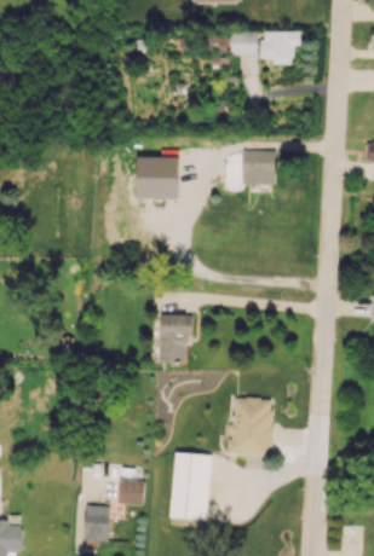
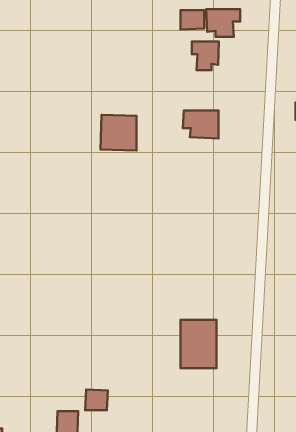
building: none -> [192,41,219,70]
building: [161,314,191,363] -> none
building: [171,452,211,520] -> none

